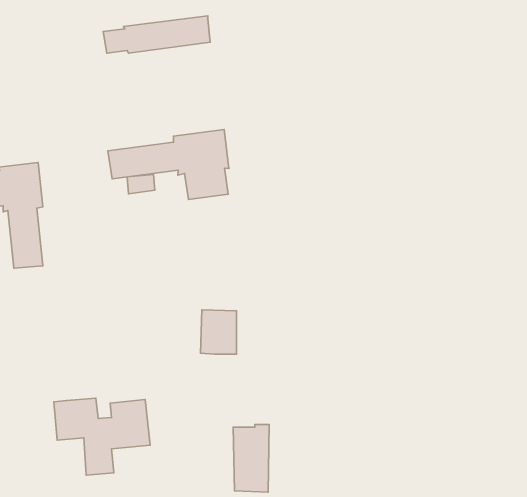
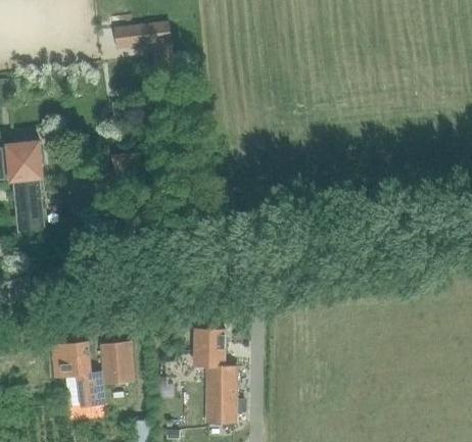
building: [108,130,229,199] -> none
building: [200,310,237,354] -> [193,329,224,366]

